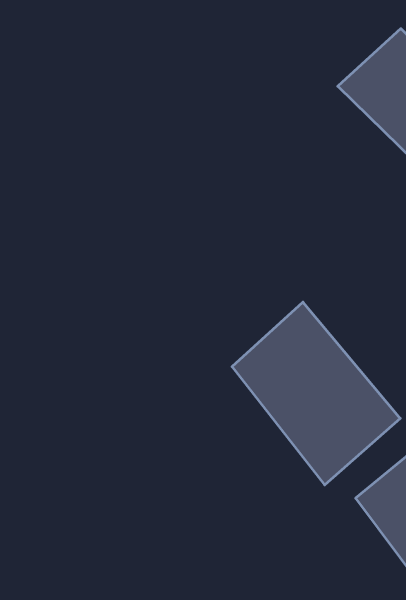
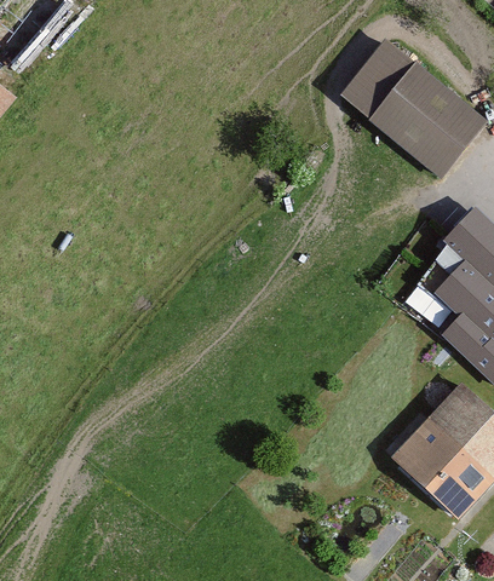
building: [232,302,400,485] -> none

